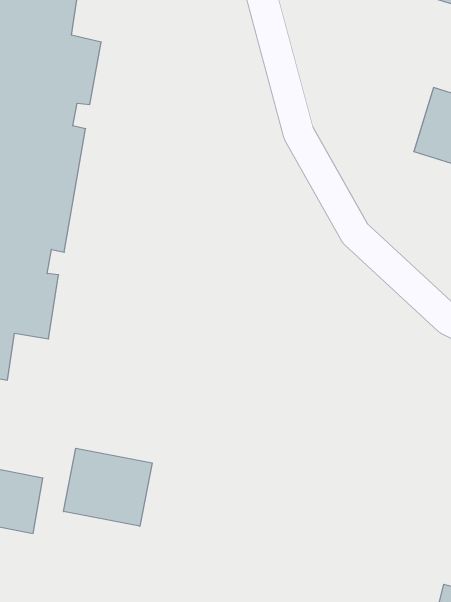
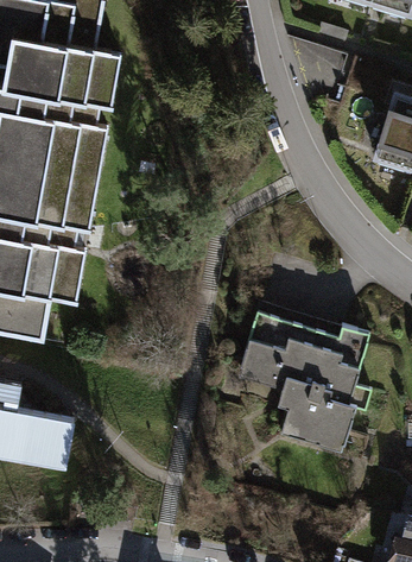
building: none -> [237,307,367,454]
building: [64,448,152,526] -> none

